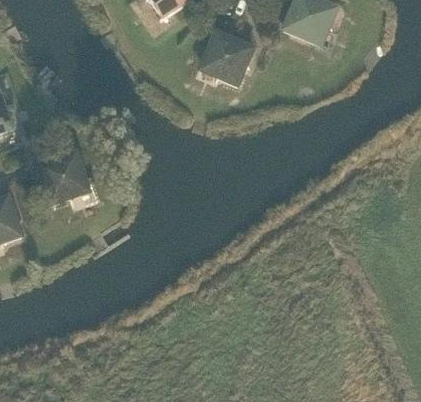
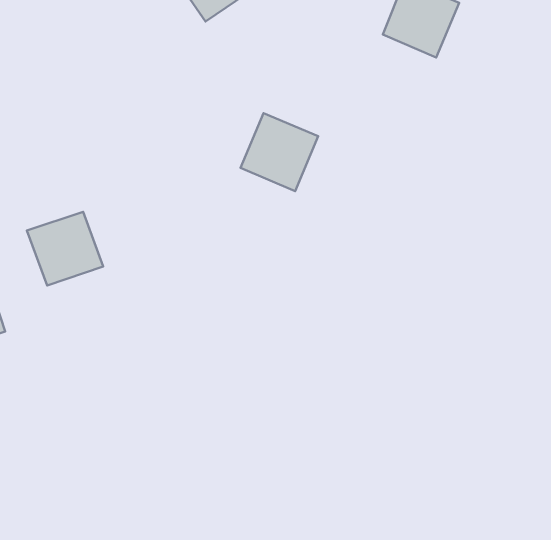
building: [200,31,254,85] -> [240,113,318,191]

